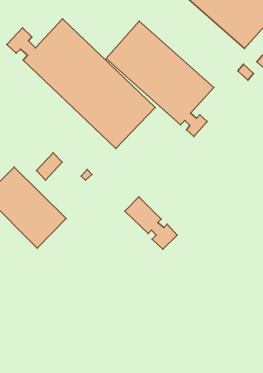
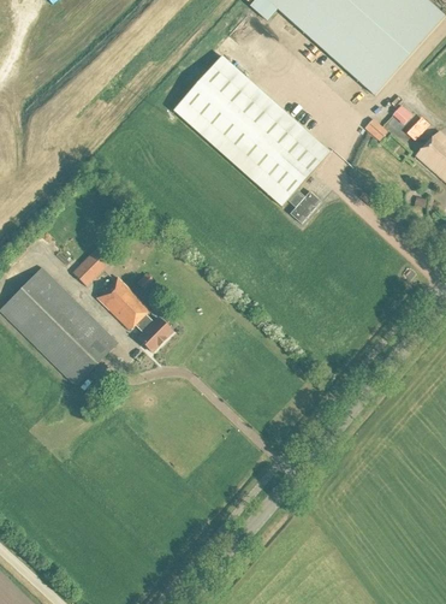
building: [7,19,155,149] -> none
building: [125,197,177,249] -> [95,276,171,351]

